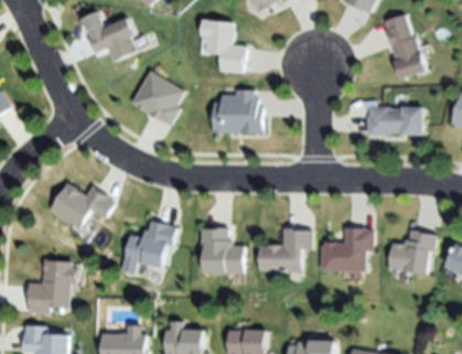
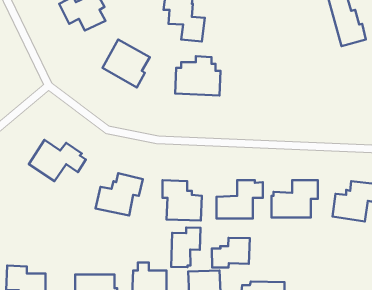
building: [366,107,422,135] -> none
building: [26,262,67,315] -> none
building: none -> [171,227,200,267]
building: none -> [212,238,250,268]

